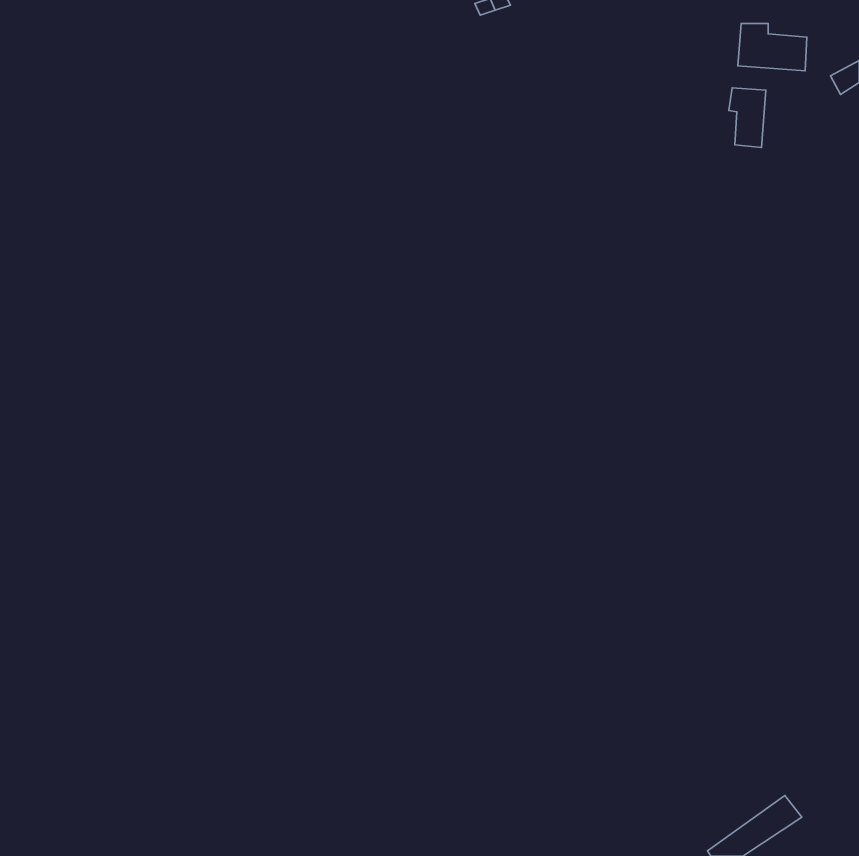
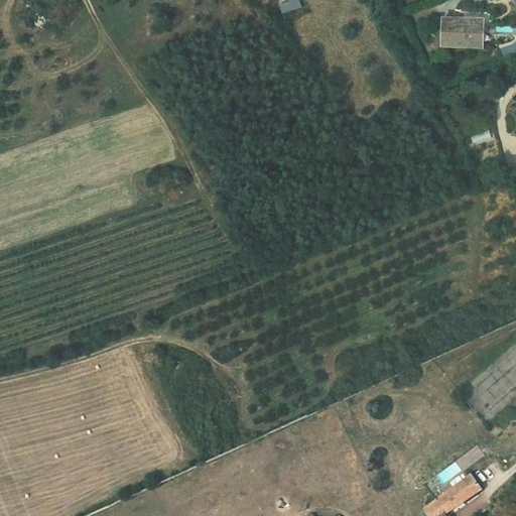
building: [729,88,766,148] -> none

